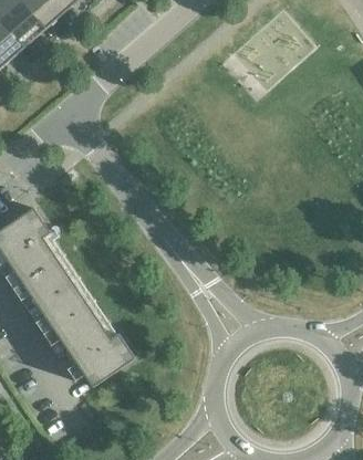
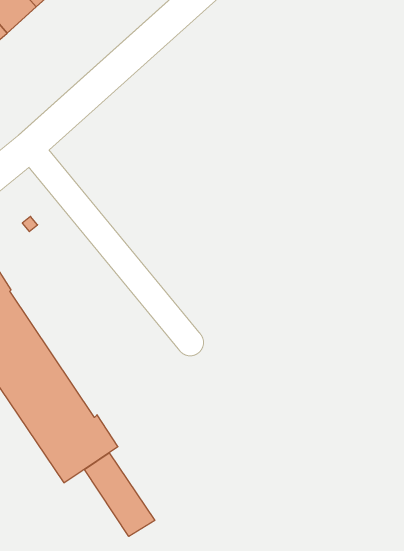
building: none -> [84,453,155,536]

